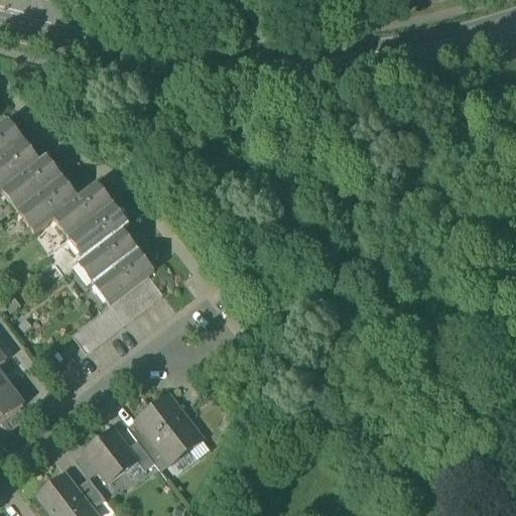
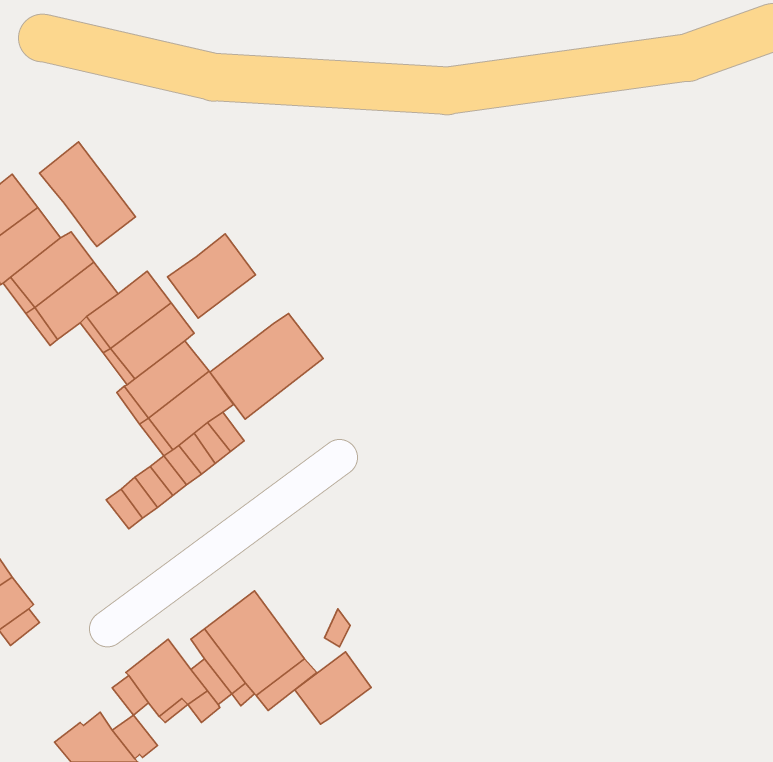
building: none -> [39,142,135,247]
building: none -> [168,234,256,318]
building: none -> [210,313,323,419]
building: none -> [295,652,371,724]

